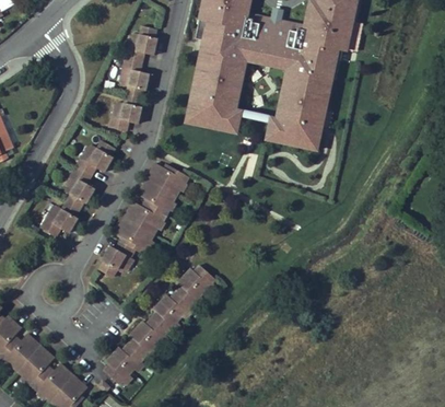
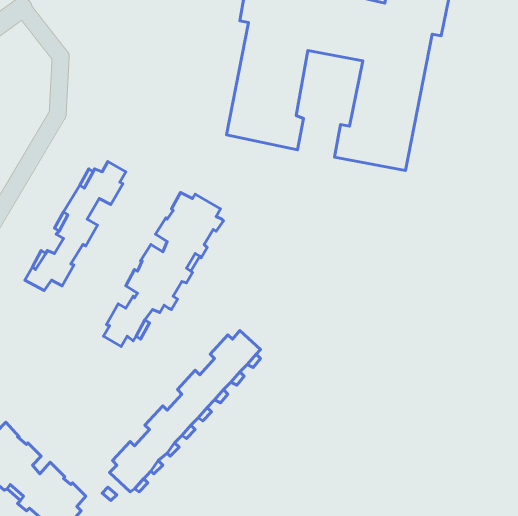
building: [108,25,156,131] -> none

